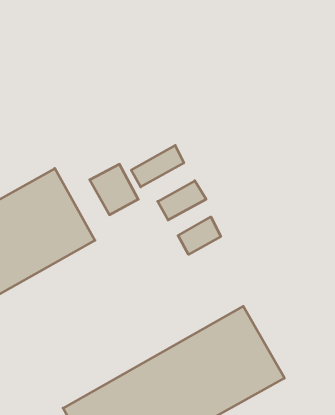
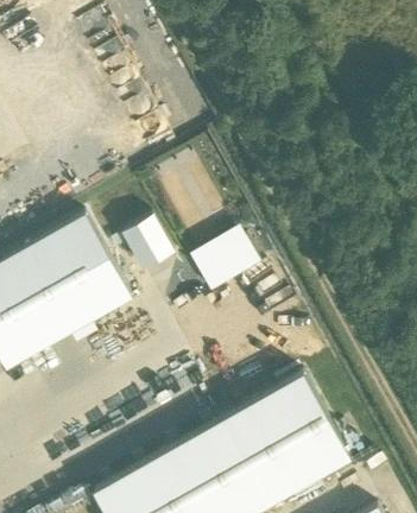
building: [131,145,184,187] -> none
building: [178,217,221,254] -> none

